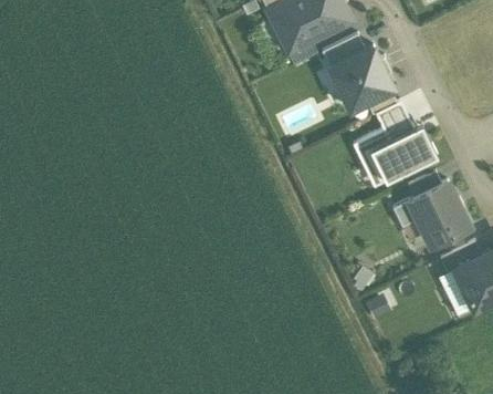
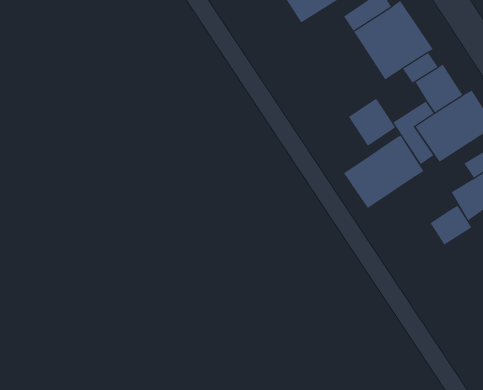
building: none -> [348,98,396,146]
building: none -> [343,134,424,209]
building: none -> [430,205,472,245]

